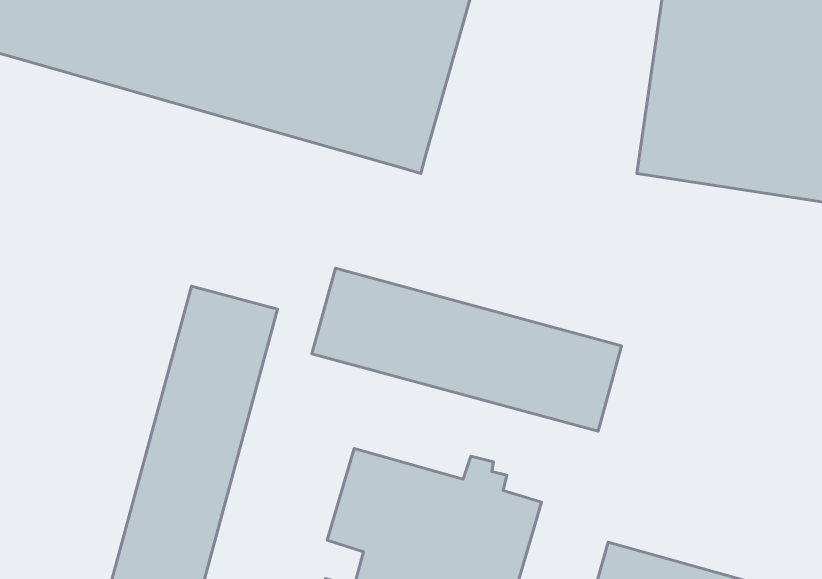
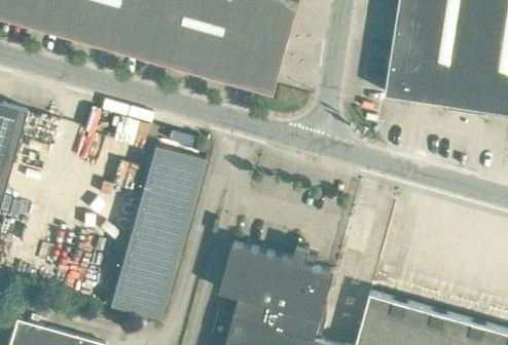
building: [312,268,622,431] -> none

